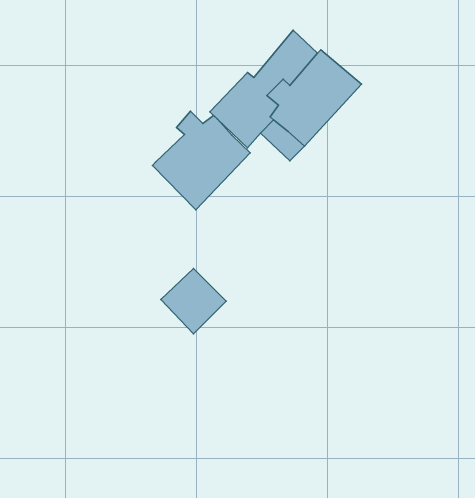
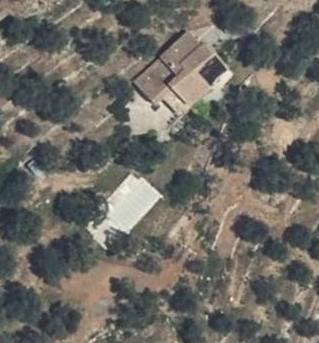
building: [153,111,250,210] -> none

